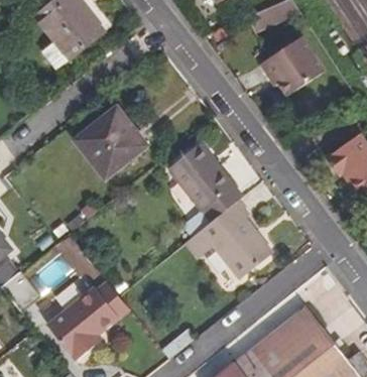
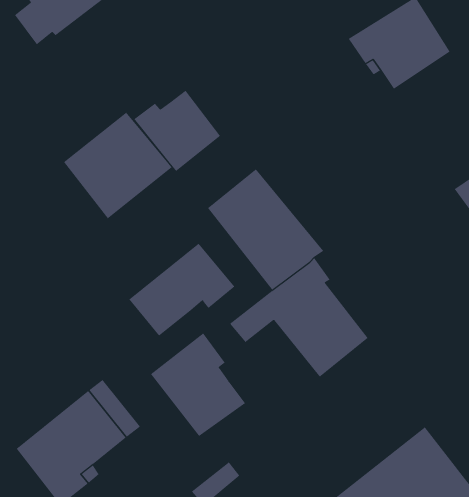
building: none -> [133,90,221,172]
building: none -> [129,243,235,337]
building: none -> [150,332,246,437]

